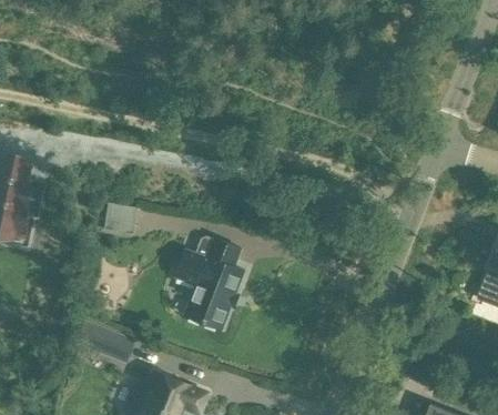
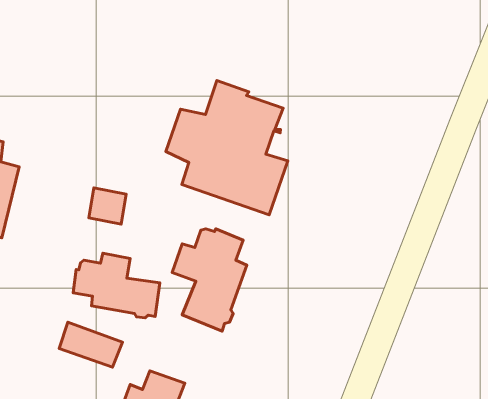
building: none -> [166,80,288,215]
building: none -> [73,253,160,318]

